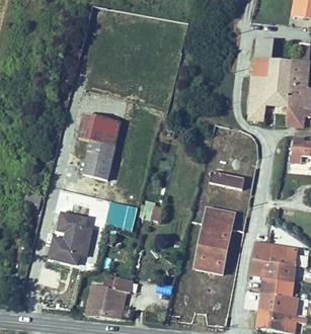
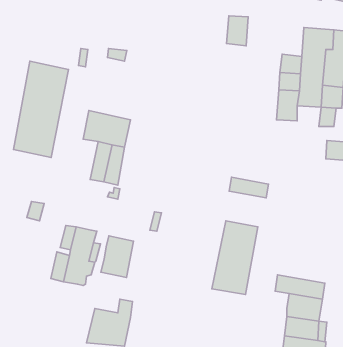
building: [255,38,275,65] -> [226,16,248,46]
building: none -> [14,61,69,157]
building: none -> [101,236,133,278]
building: [251,240,303,266] -> none

